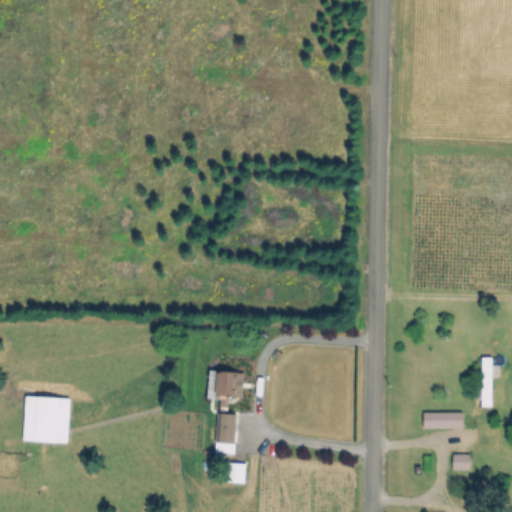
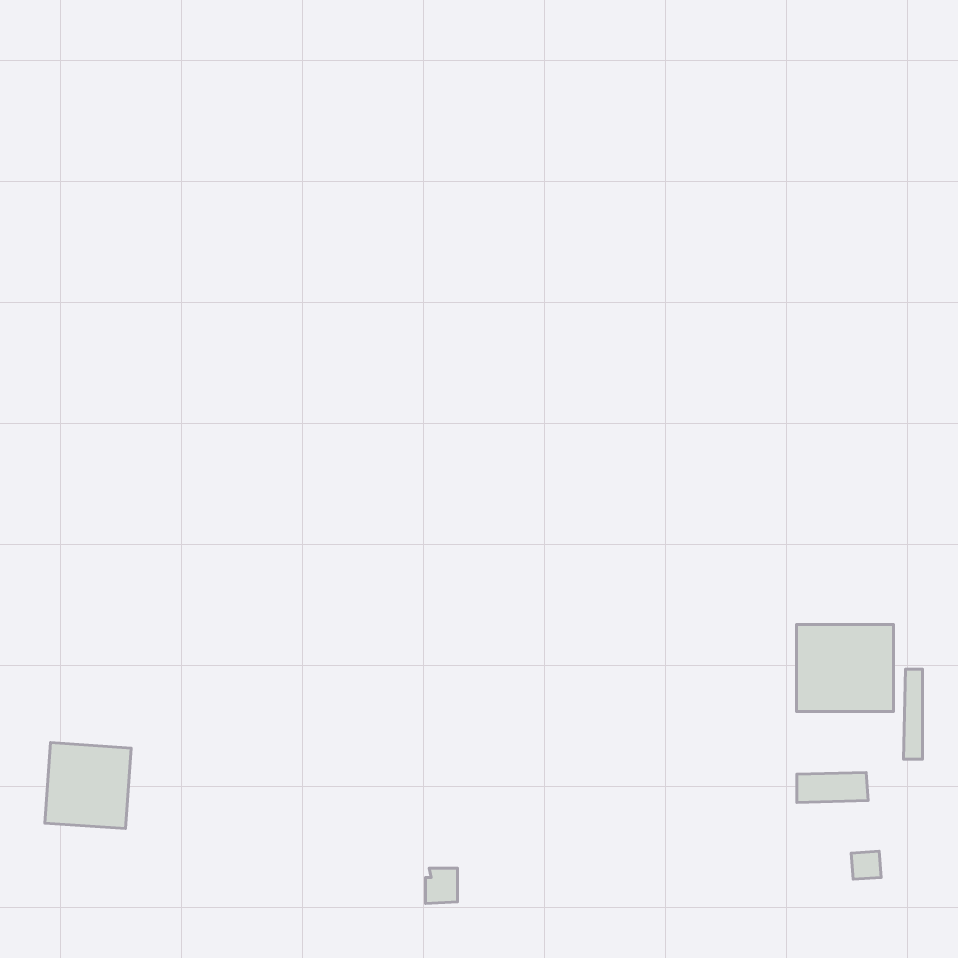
building: none -> [797,624,894,712]
building: [207,369,238,453] -> none

